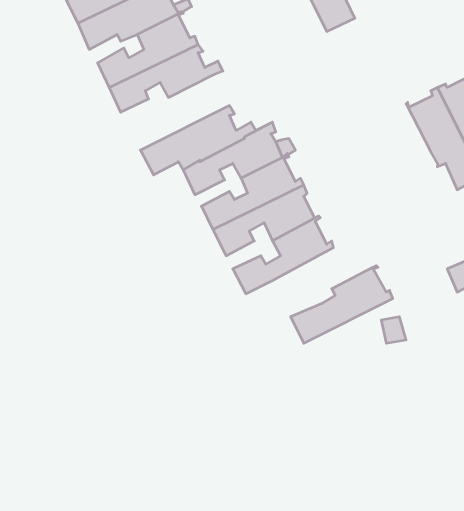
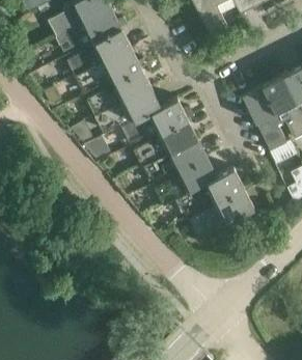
building: none -> [87,64,150,112]
building: none -> [242,83,285,148]
building: none -> [173,165,241,211]

